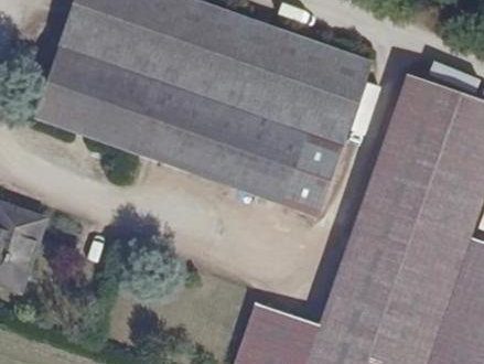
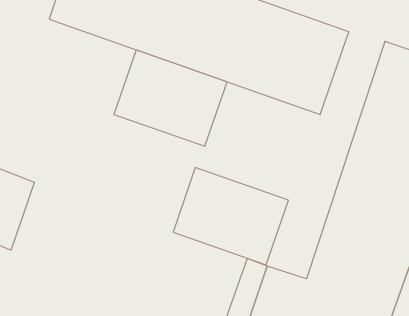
building: [35,50,149,149] -> none
building: [221,115,341,216] -> [173,167,288,265]

